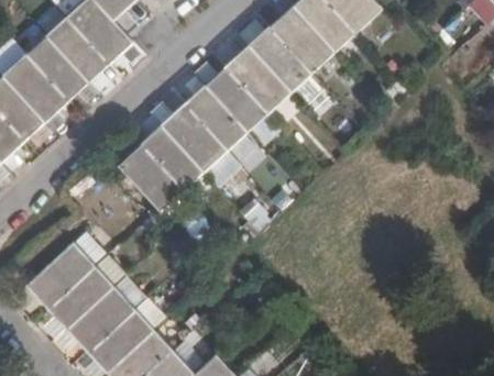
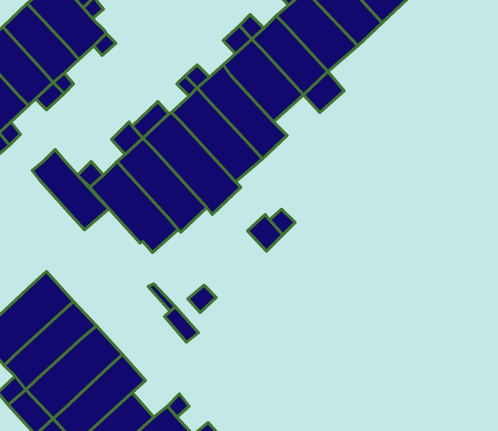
building: none -> [32,149,109,230]

